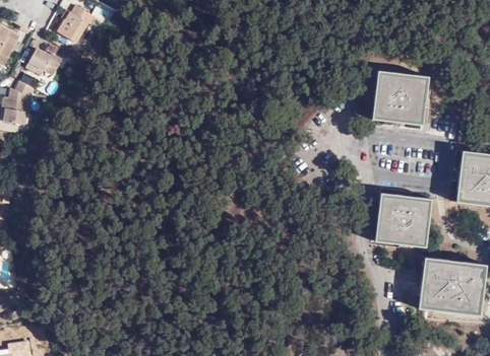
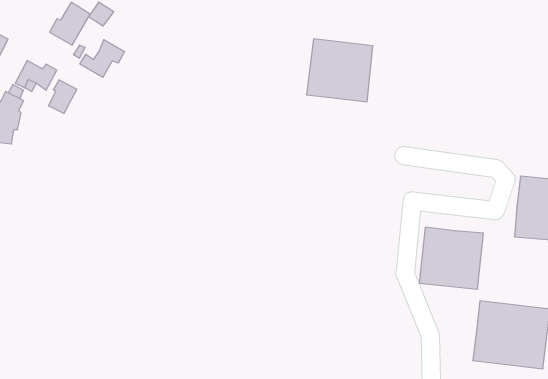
building: none -> [80,40,124,77]
building: none -> [48,80,77,113]
building: [370,71,427,125] -> [306,39,373,102]

